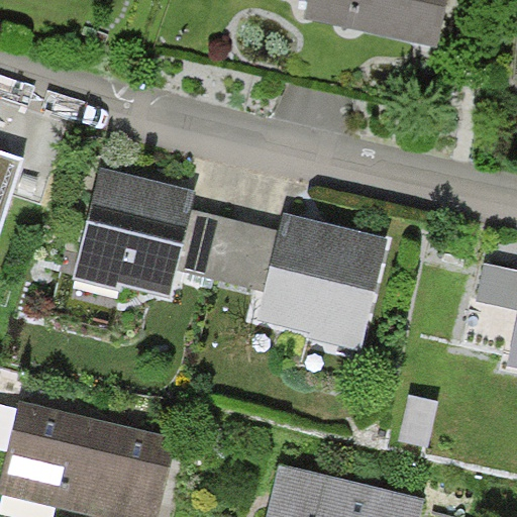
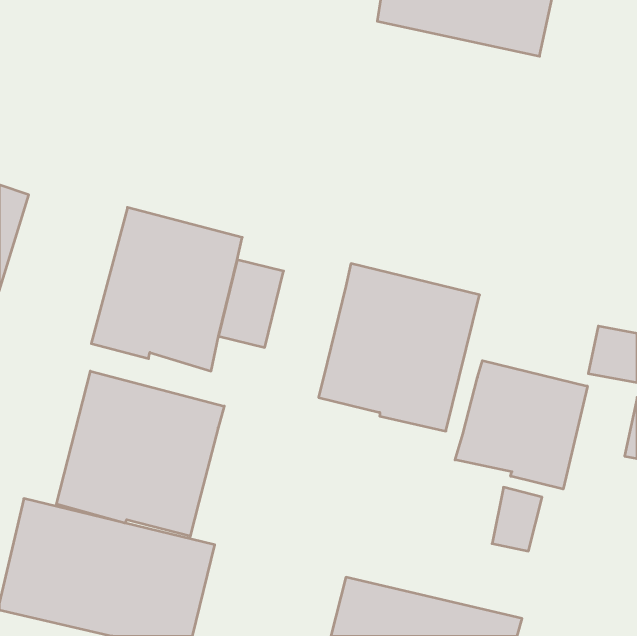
building: [214,219,280,293] -> none
building: none -> [455,361,587,489]
building: none -> [56,371,224,536]

